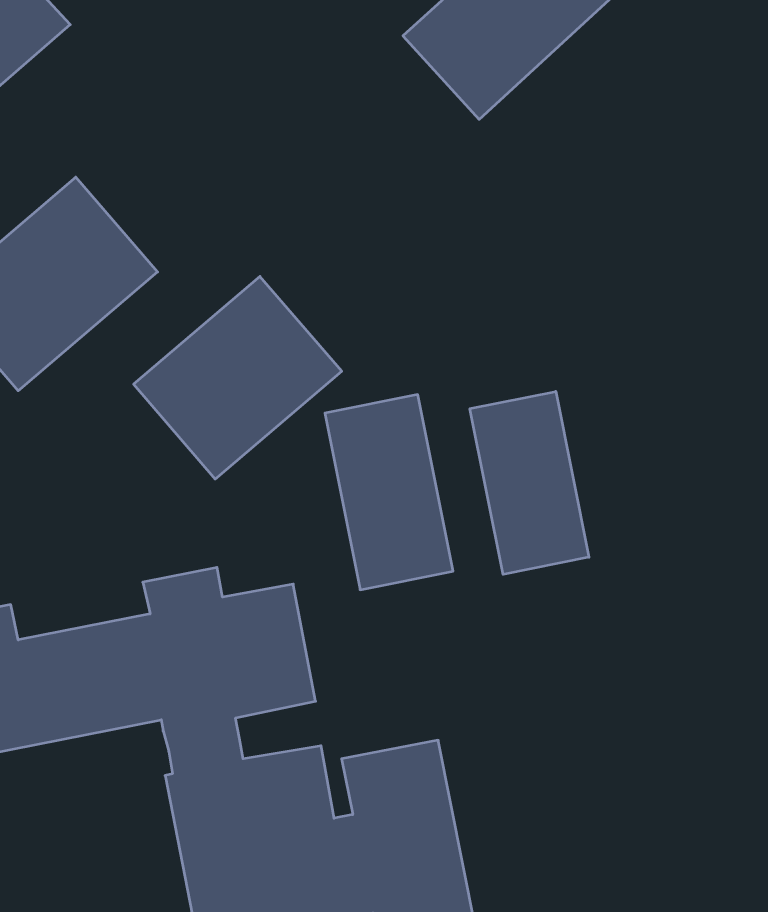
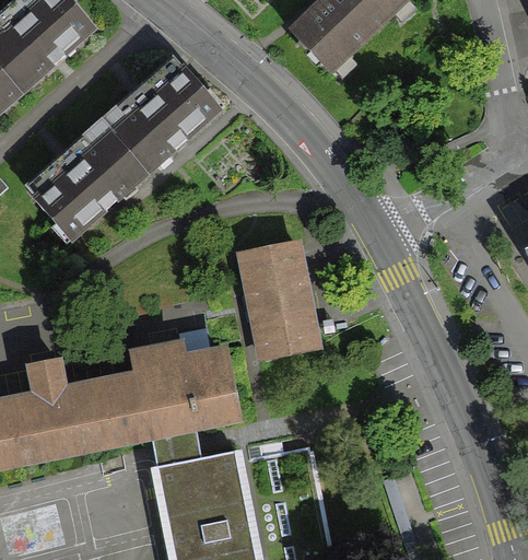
building: [134,276,342,479] -> [97,52,220,172]
building: [470,391,589,574] -> none

